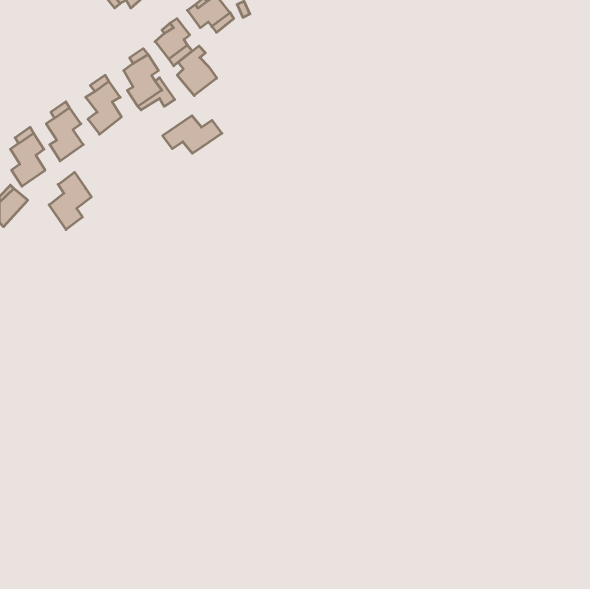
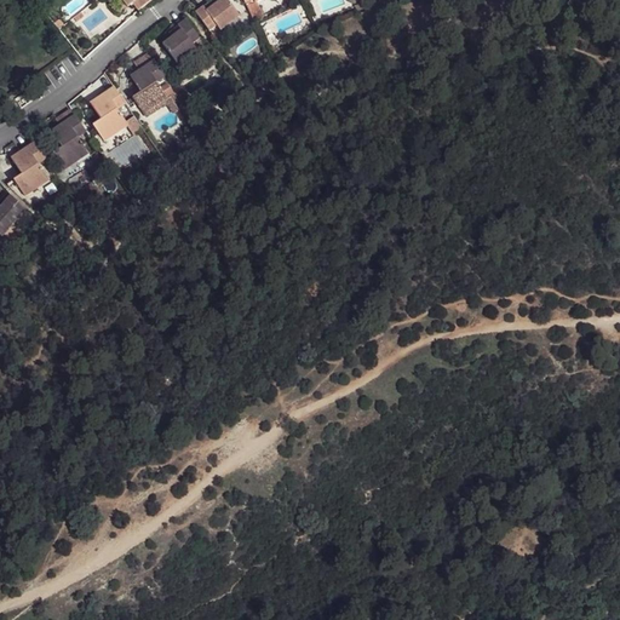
building: [177,46,217,96] -> none
building: [163,116,222,153] -> none
building: [49,172,91,230] -> none

